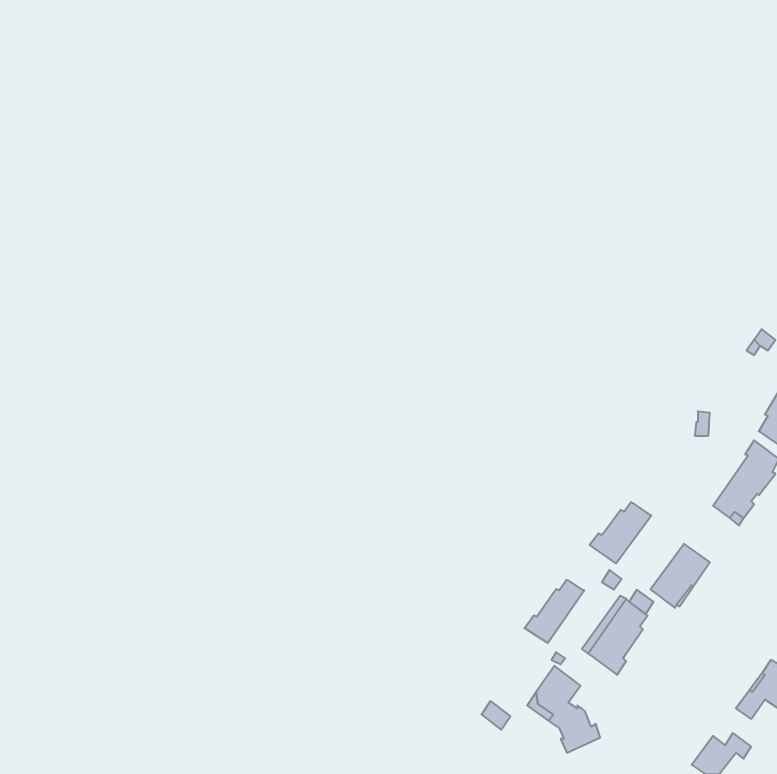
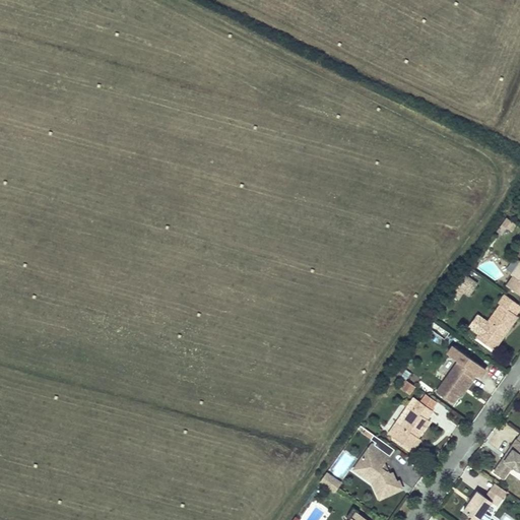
building: [590,502,651,563] -> none
building: [524,580,584,643] -> none

